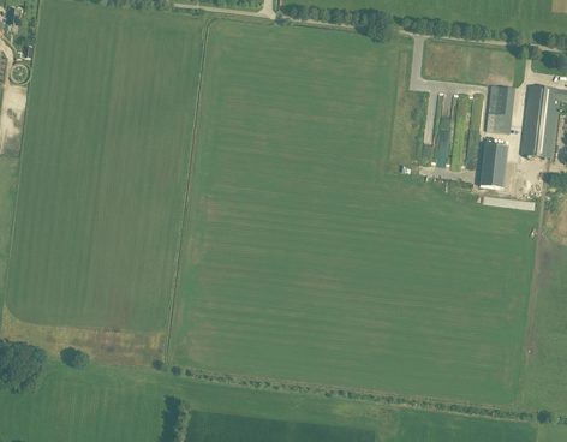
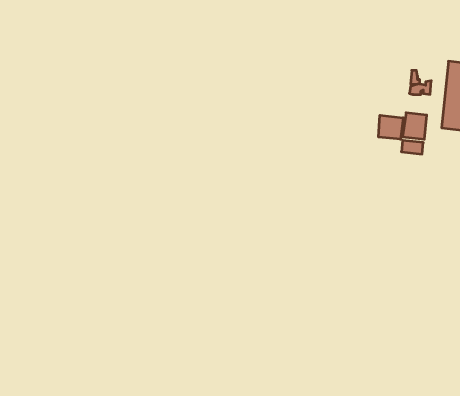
building: none -> [379,115,403,139]

